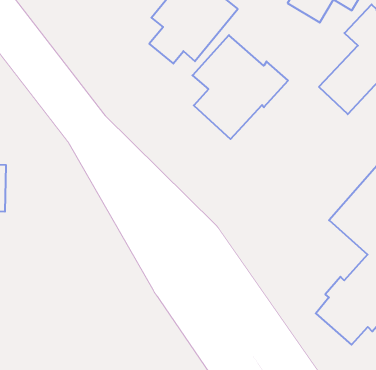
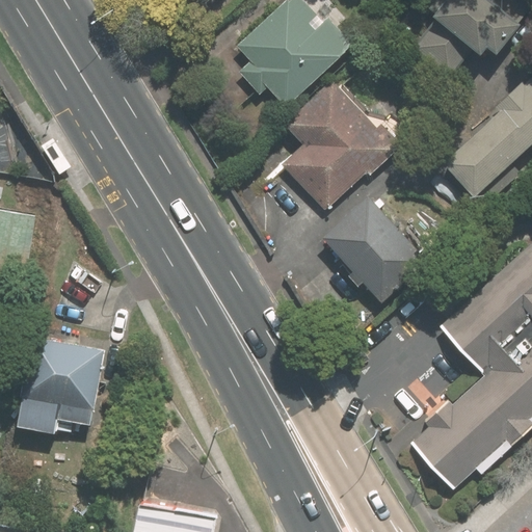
building: none -> [325,192,430,300]
building: none -> [19,337,106,432]

